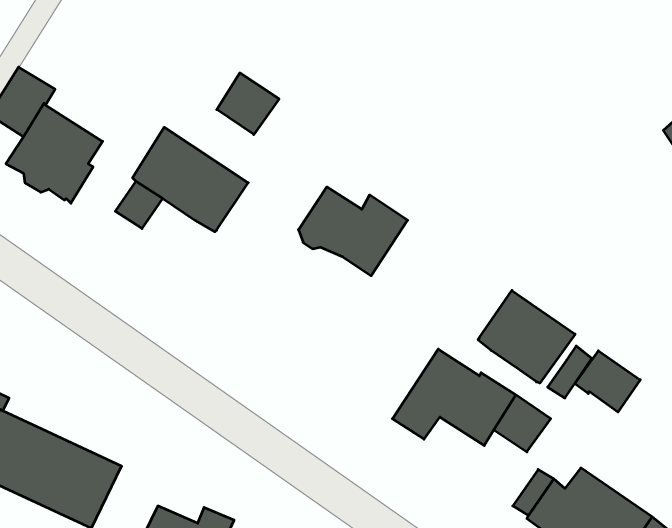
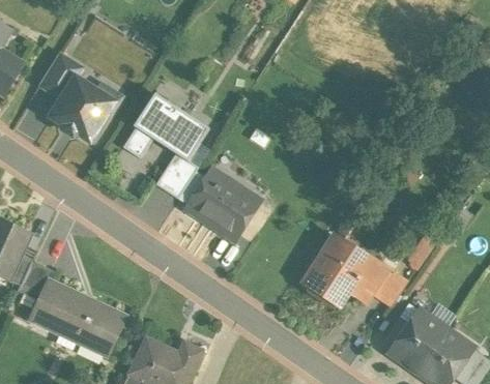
building: [217,73,279,135] -> none
building: [298,187,408,276] -> [189,177,260,235]
building: none -> [155,154,199,199]
building: [478,290,575,383] -> none
building: [575,351,640,412] -> none

